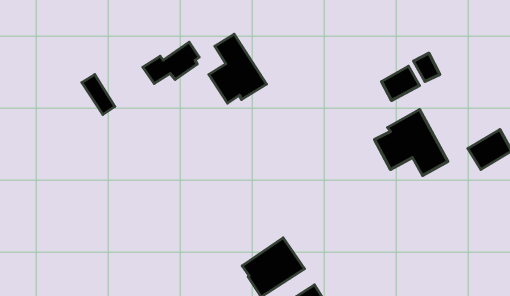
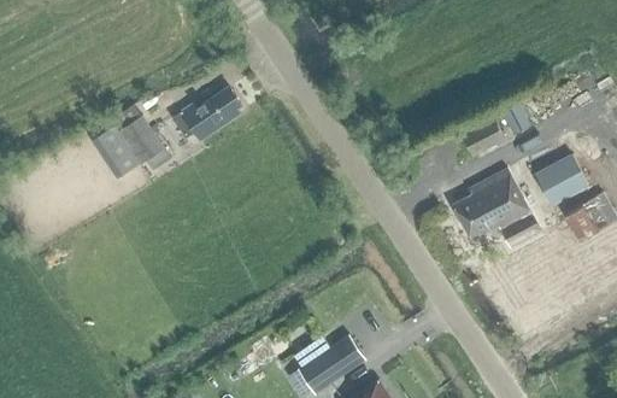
building: [209,34,267,103] -> none
building: none -> [118,117,161,164]
building: none -> [536,156,588,201]

